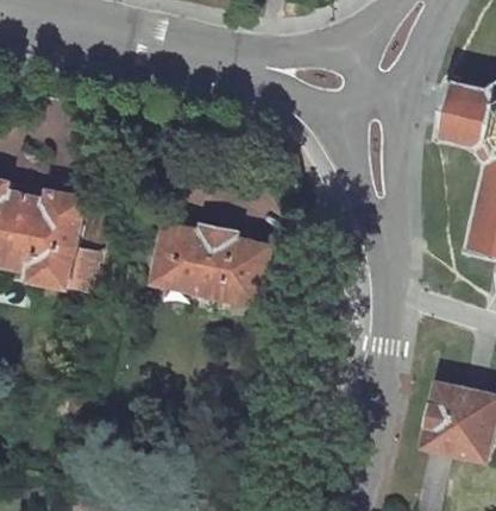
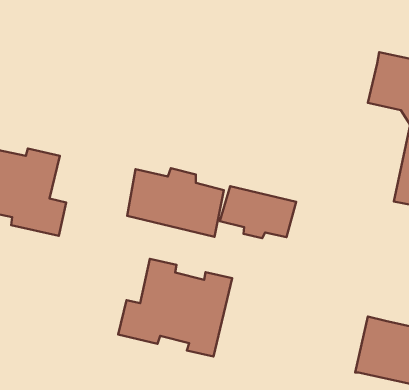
building: none -> [220,186,296,238]
building: none -> [118,259,232,356]

